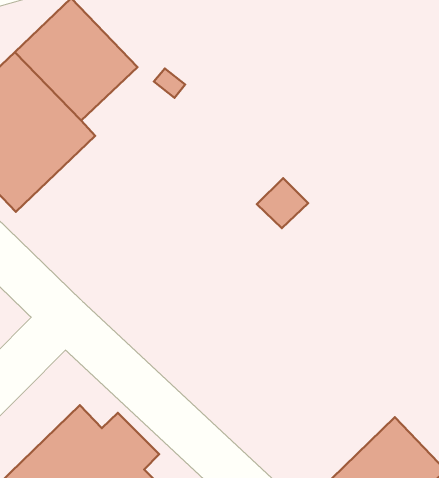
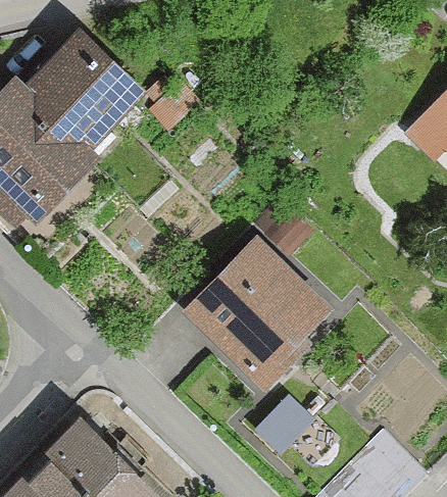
building: none -> [187,249,328,390]

